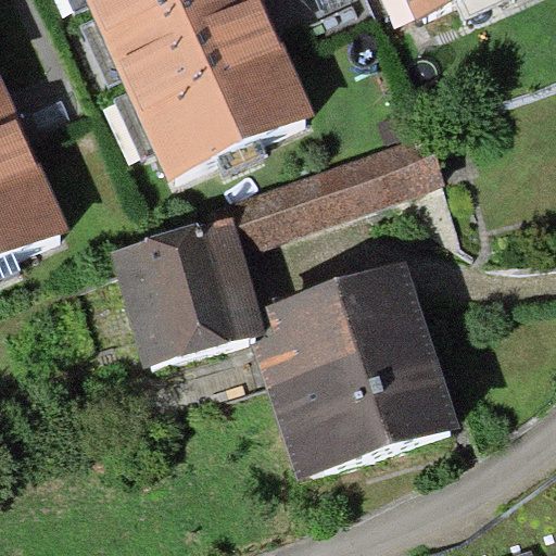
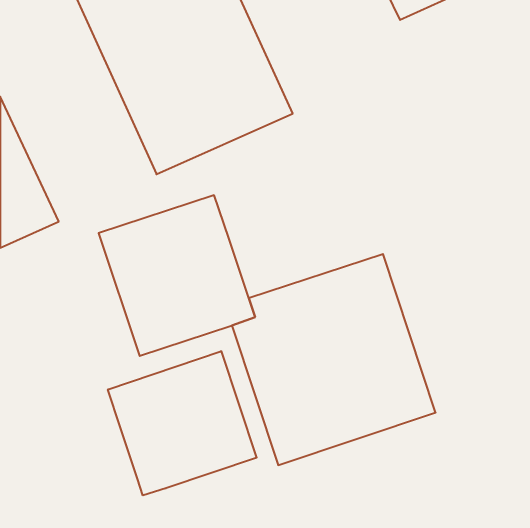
building: [228,141,429,247] -> none
building: none -> [108,351,257,495]

